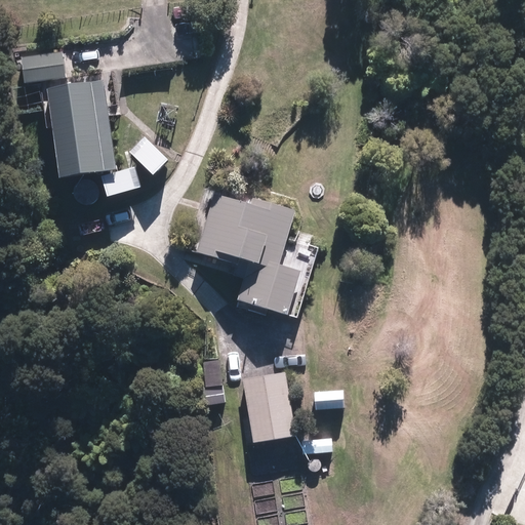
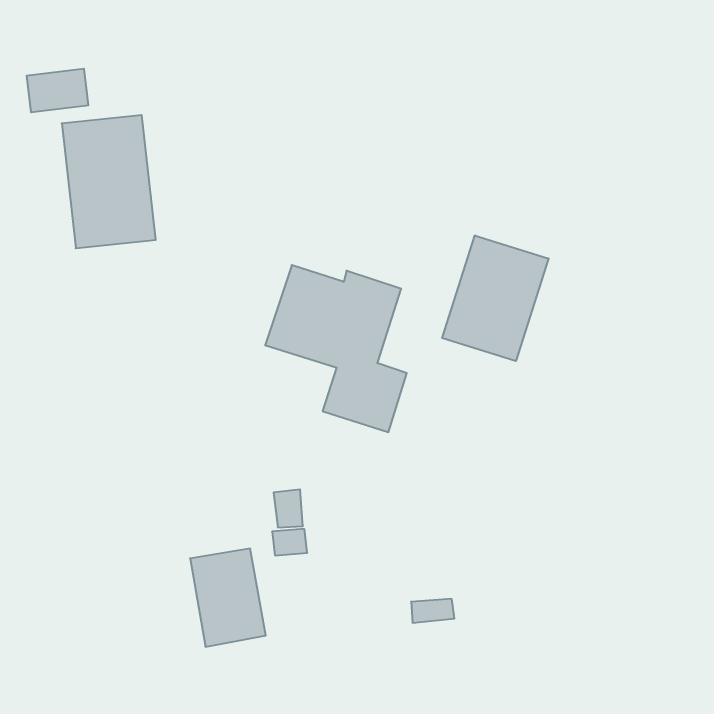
building: none -> [442,235,549,361]
building: [242,372,297,444] -> [190,549,266,647]

